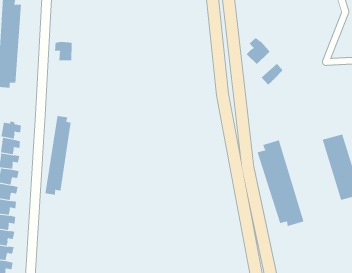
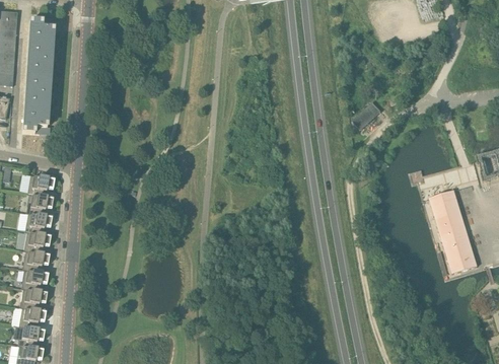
building: [246,37,272,65] -> none
building: [55,41,74,61] -> none
building: [45,115,71,195] -> none
building: [257,140,304,227] -> none

